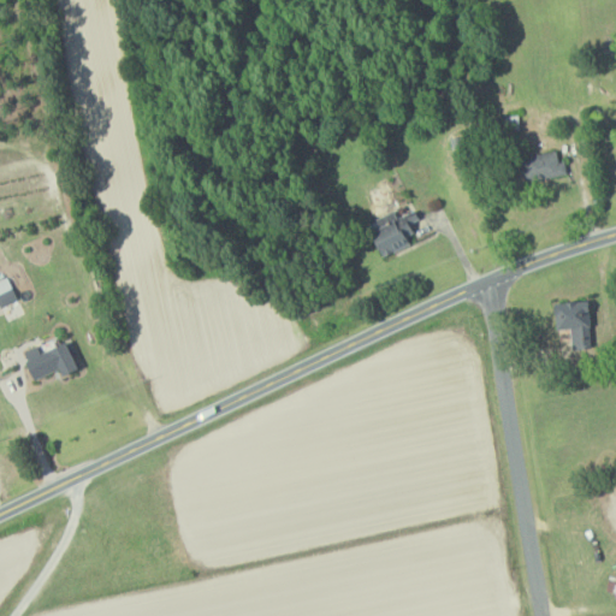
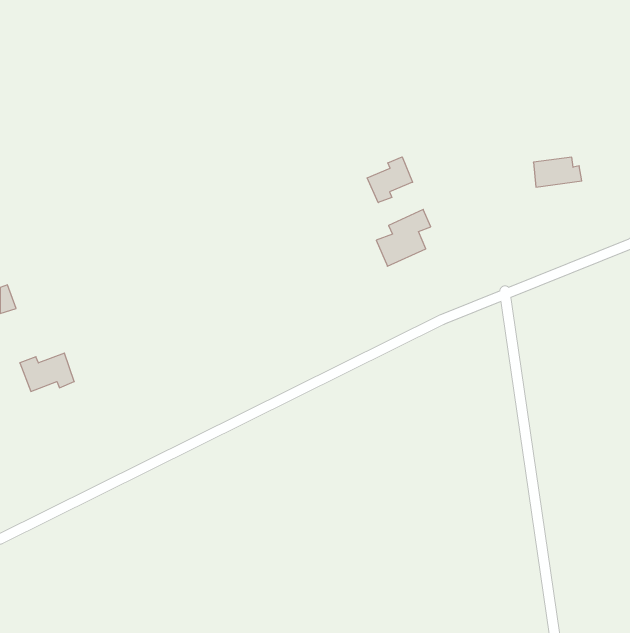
building: none -> [367,157,413,203]
building: [553,302,591,350] -> none

